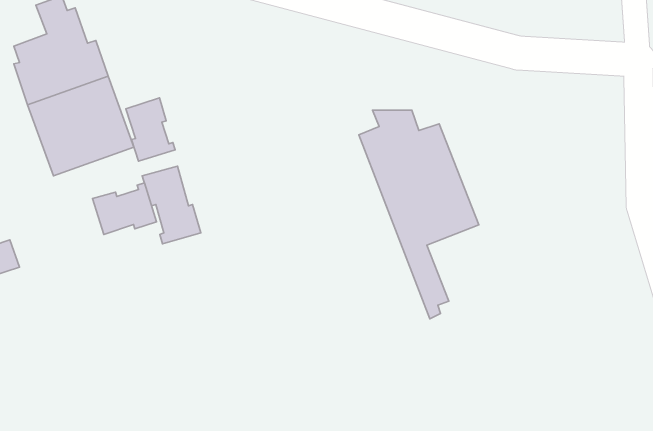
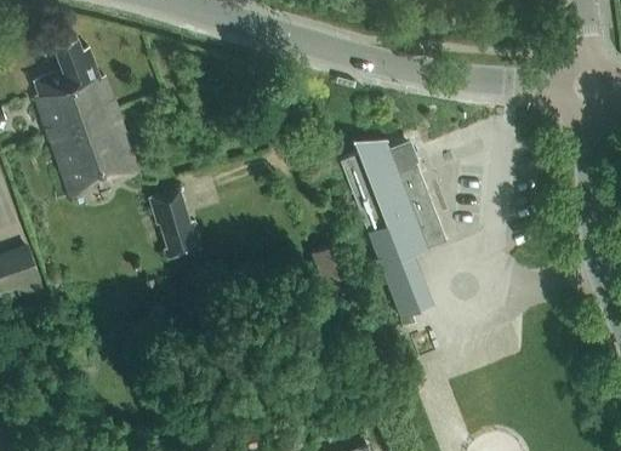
building: [126,98,175,161] -> none
building: [92,183,156,234] -> none

